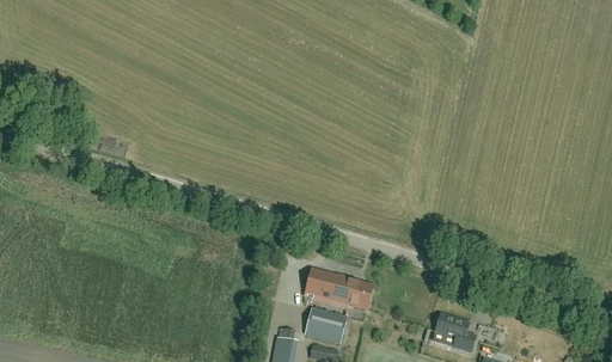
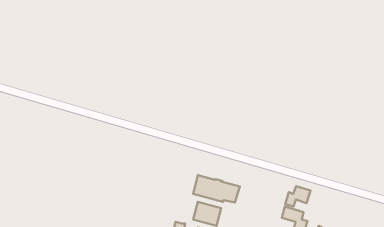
building: none -> [285,186,311,207]

